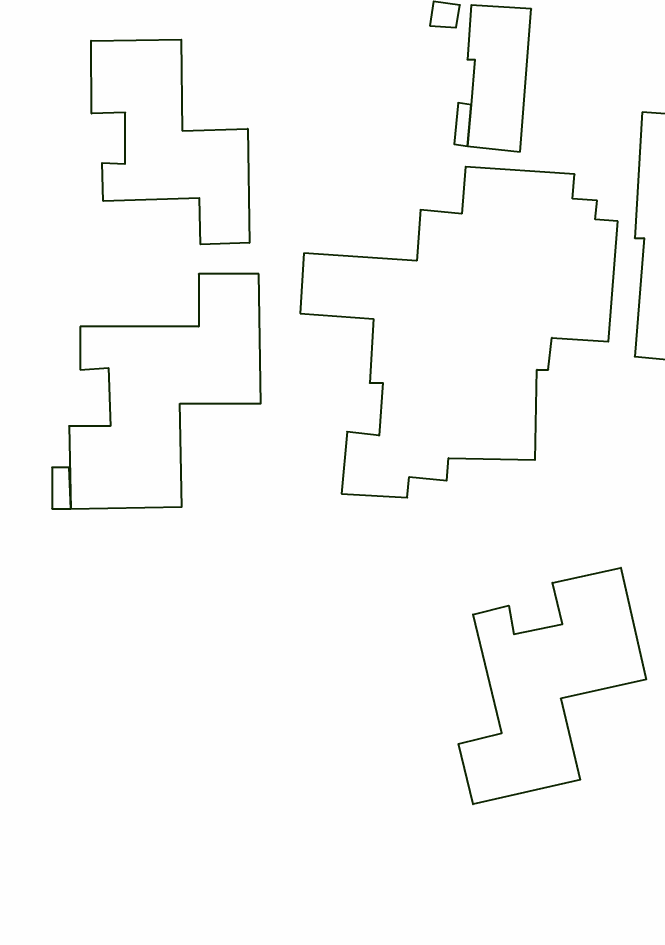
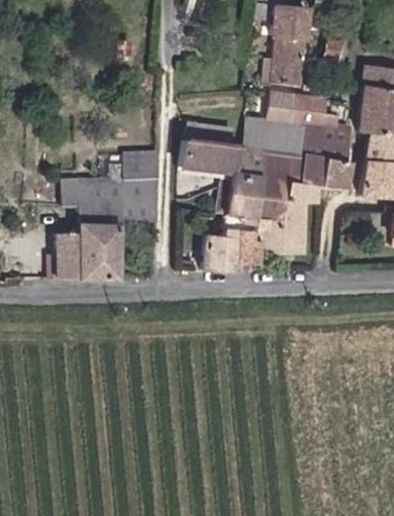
building: [91,40,249,244] -> none
building: [458,568,646,804] -> none

